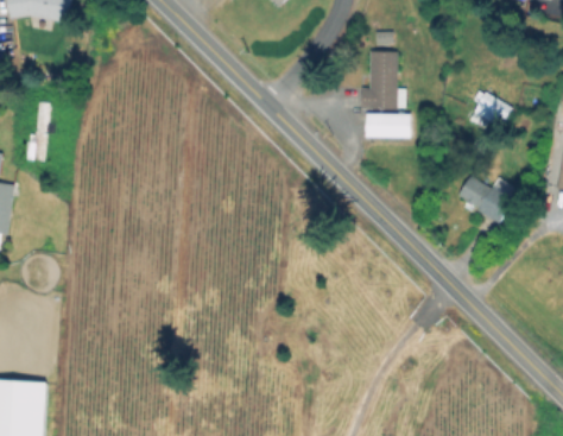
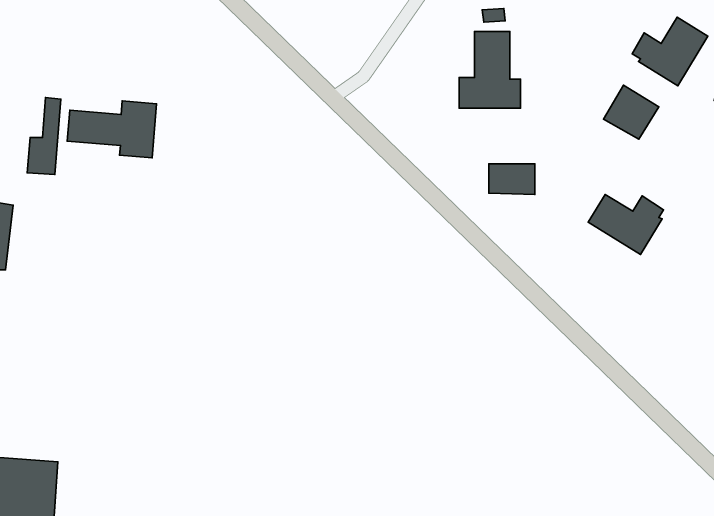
building: none -> [632,17,708,86]
building: none -> [67,101,157,158]
building: [368,114,404,138] -> [489,164,535,195]

